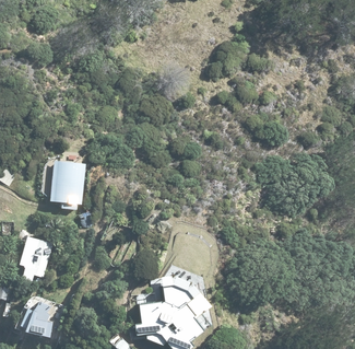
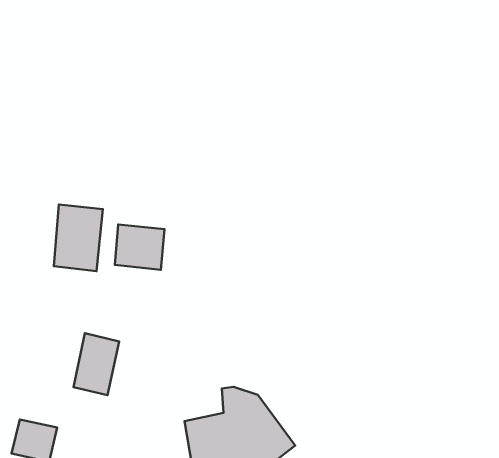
building: none -> [115,224,164,270]
building: [20,239,50,280] -> [73,333,119,395]

